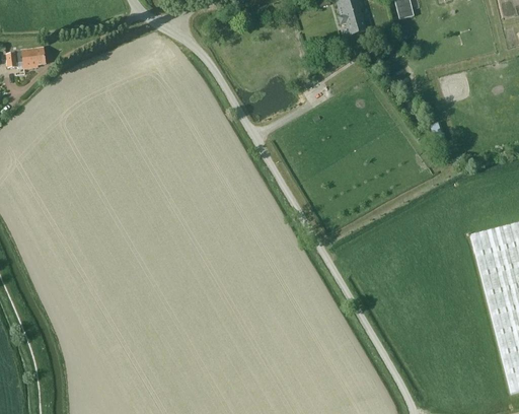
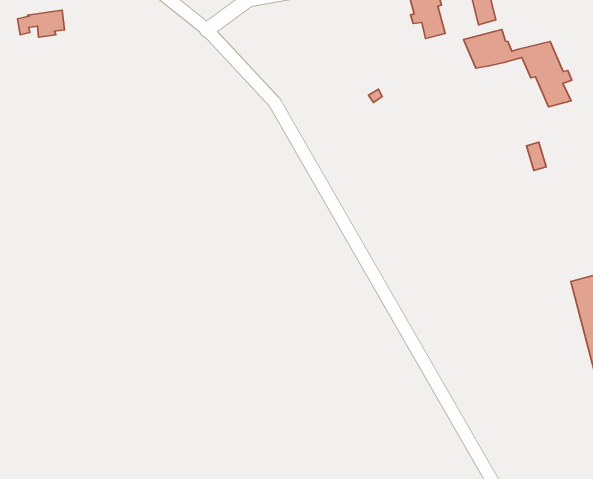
building: none -> [463,30,572,107]
building: [7,47,46,69] -> [18,10,65,37]

